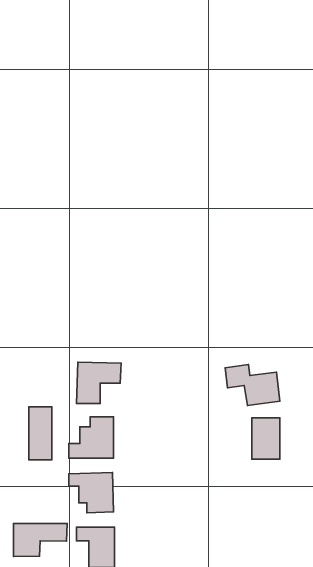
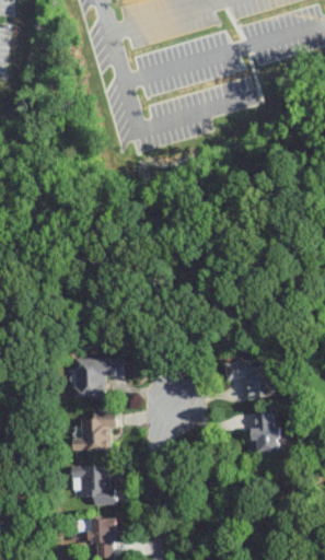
building: [29,407,52,460] -> none
building: [14,523,67,557] -> none

